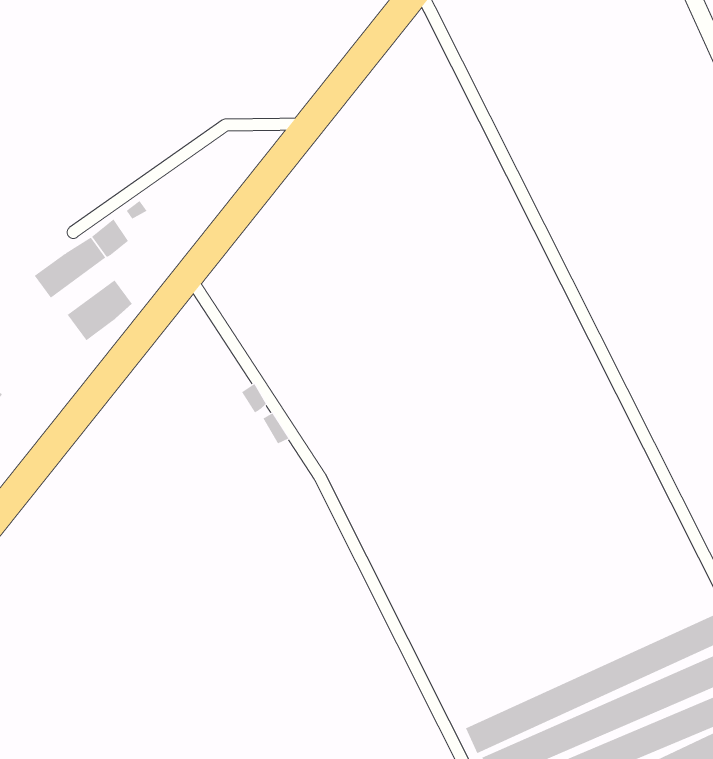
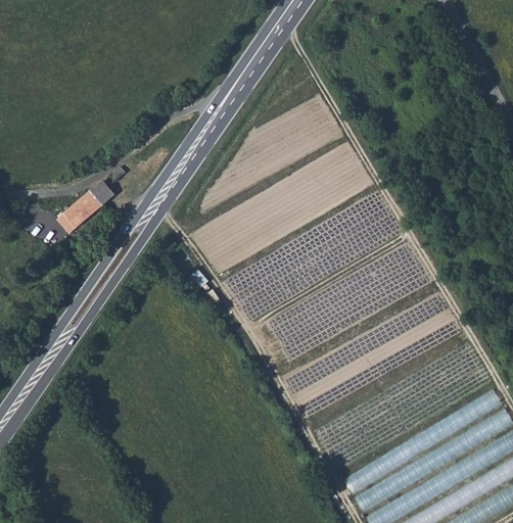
building: [67,280,132,341] -> none

